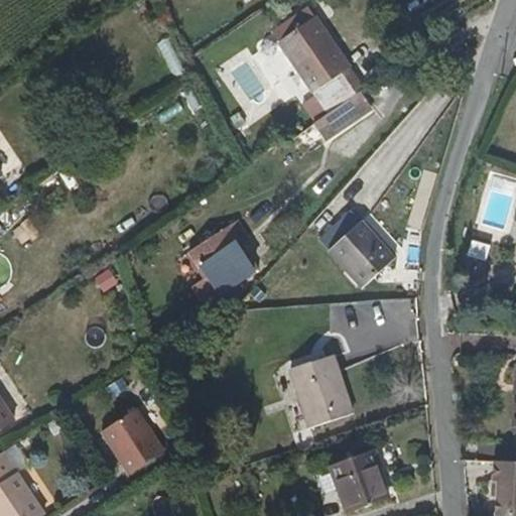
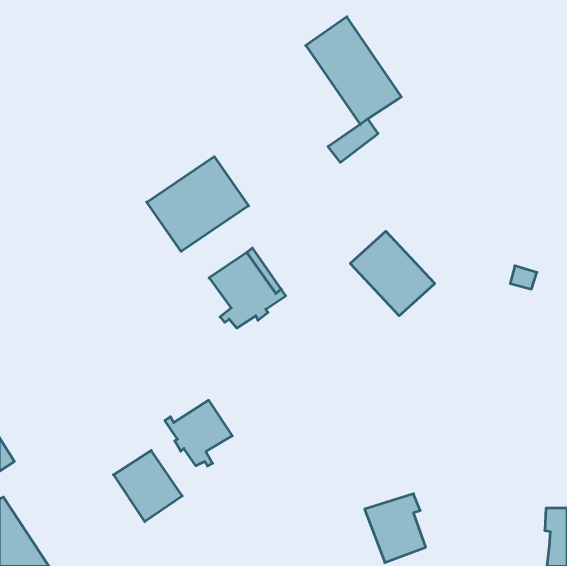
building: none -> [147,157,249,251]
building: [288,355,352,426] -> none
building: none -> [165,400,232,466]

